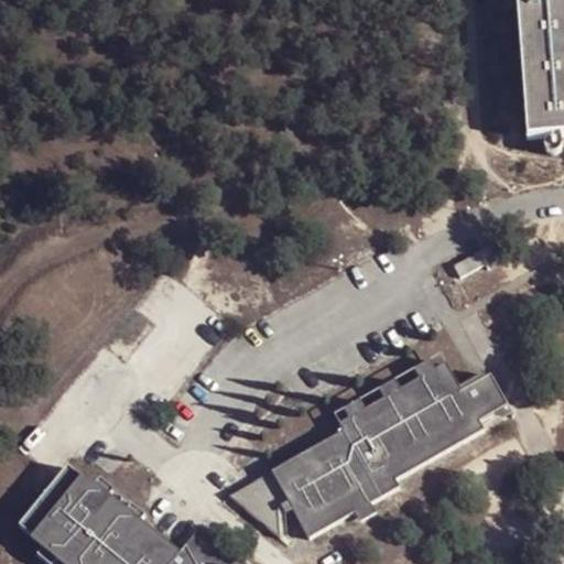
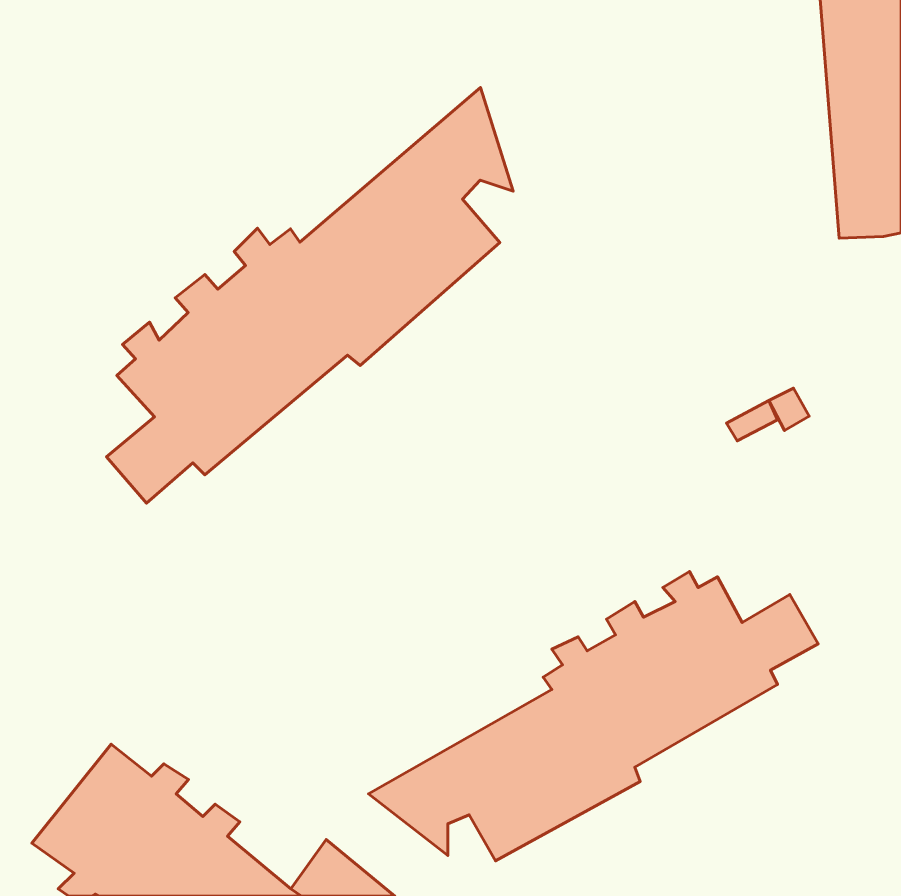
building: none -> [106,87,513,503]

